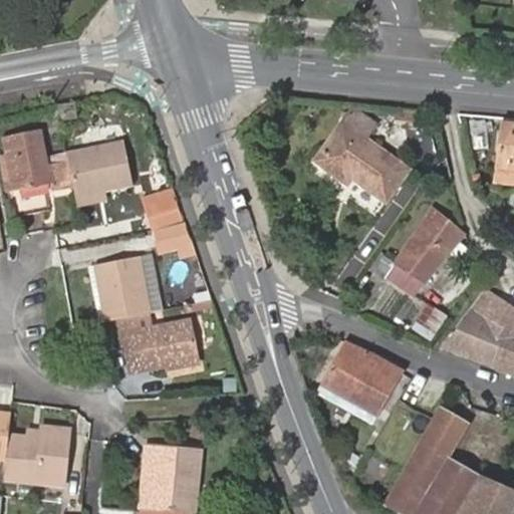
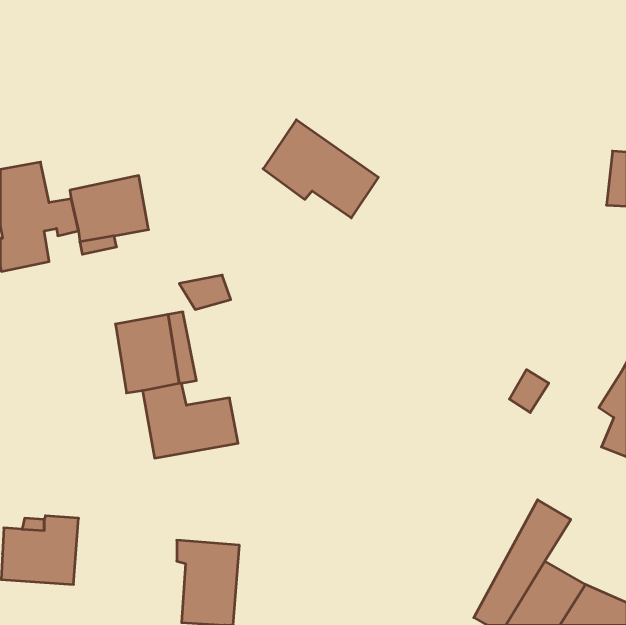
building: [315,121,410,202] -> [263,120,378,218]
building: [144,202,183,232] -> none
building: [388,208,465,295] -> none
building: [445,289,509,365] -> none
building: [322,343,405,415] -> none

